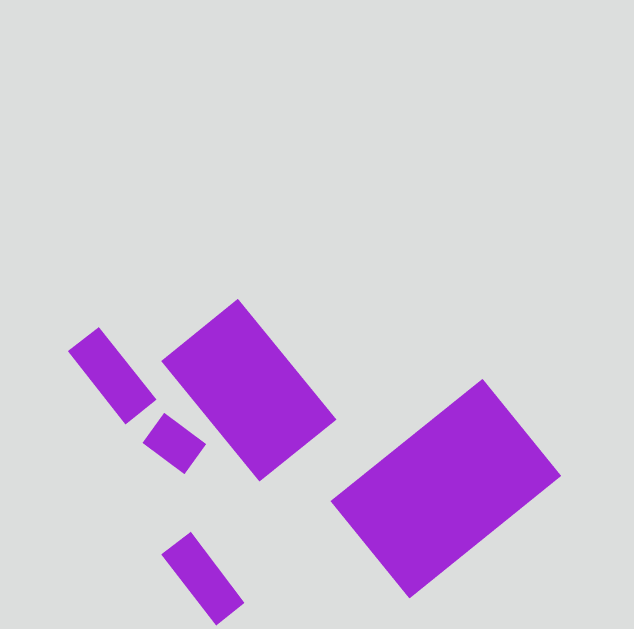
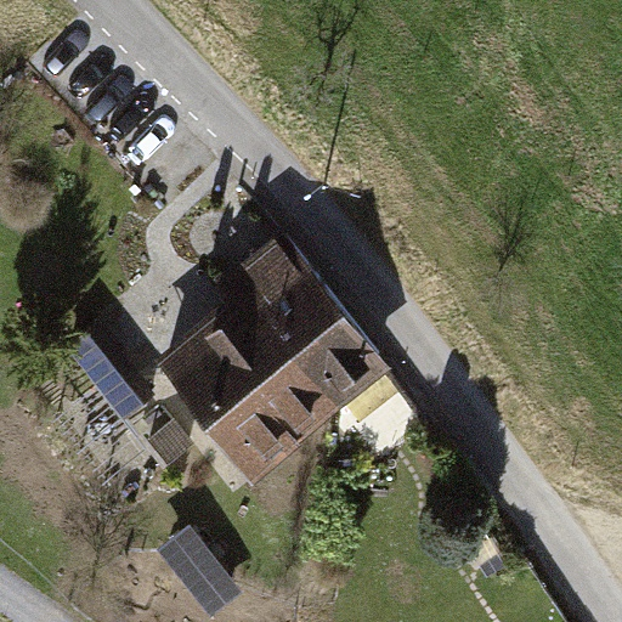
building: none -> [220,233,388,415]
building: [329,378,562,599] -> none

